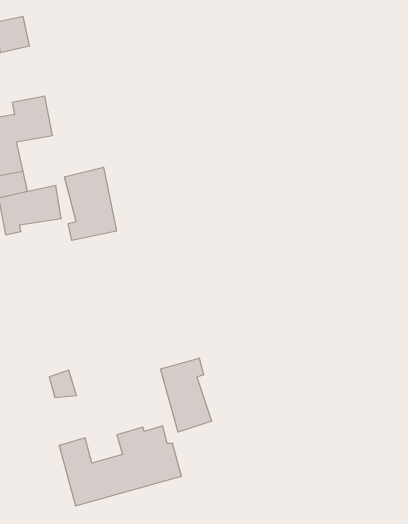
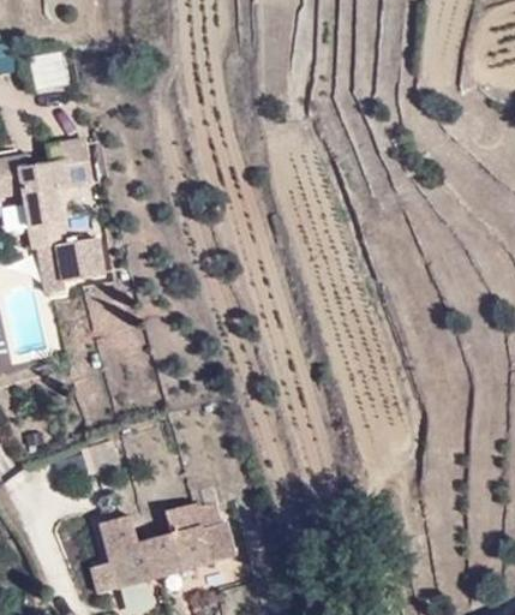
building: [64,167,117,240] -> none
building: [160,358,211,432] -> none

